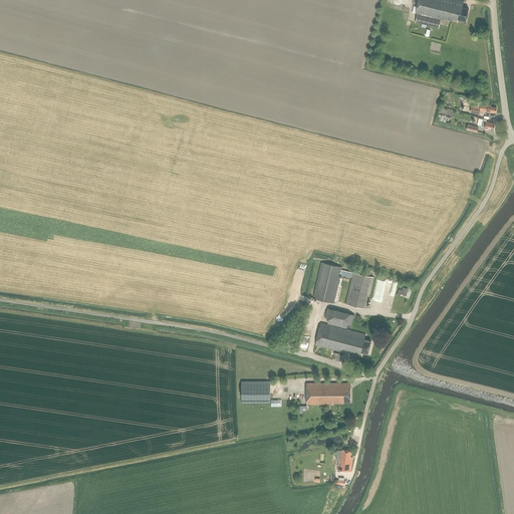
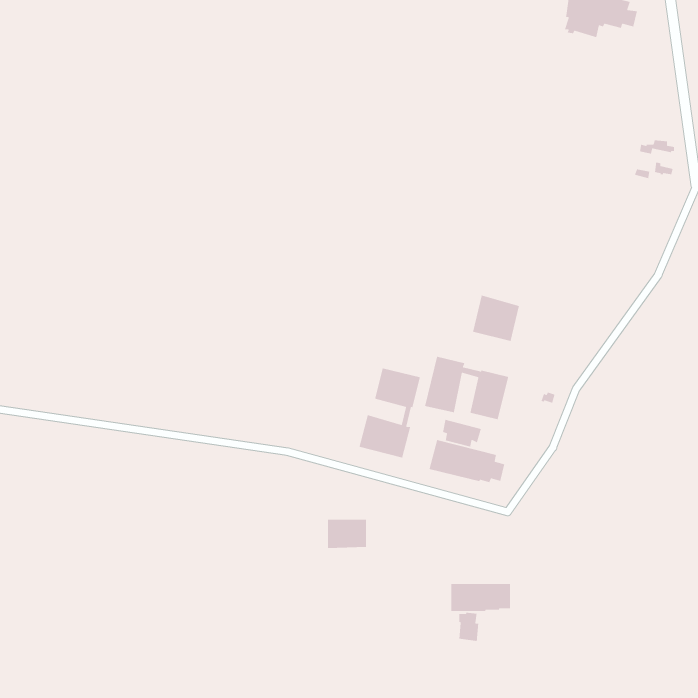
building: none -> [472,294,520,342]
building: none -> [358,368,421,458]
building: [305,382,349,404] -> [450,583,511,612]

